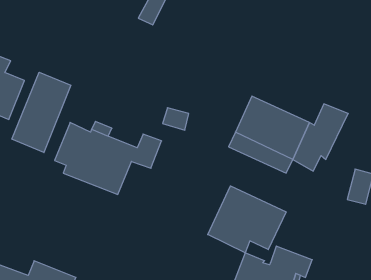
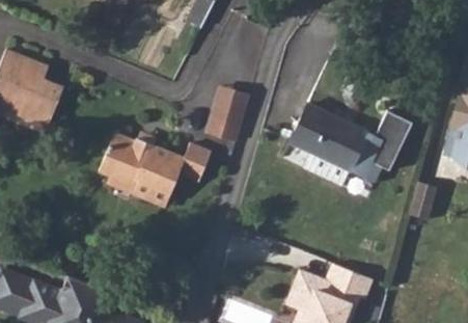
building: [12,72,71,153] -> none
building: none -> [208,85,249,132]
building: [208,186,286,253] -> none

